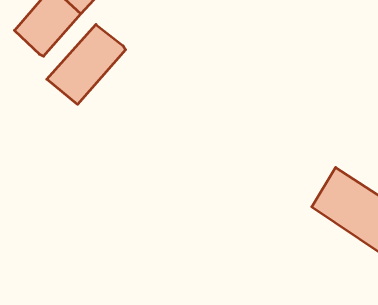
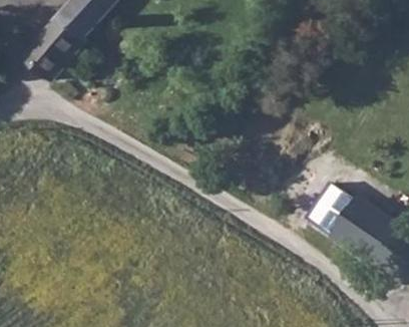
building: [47,24,126,104] -> none

